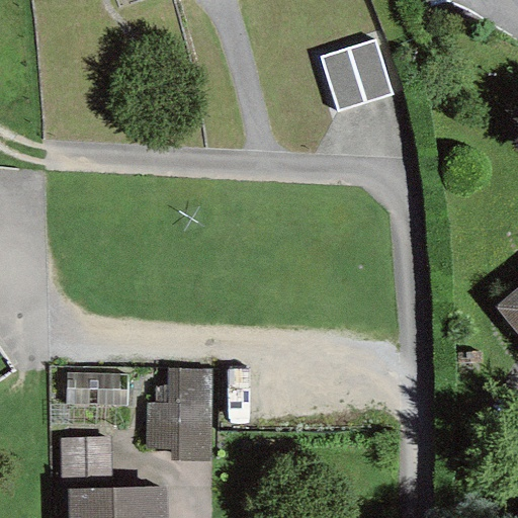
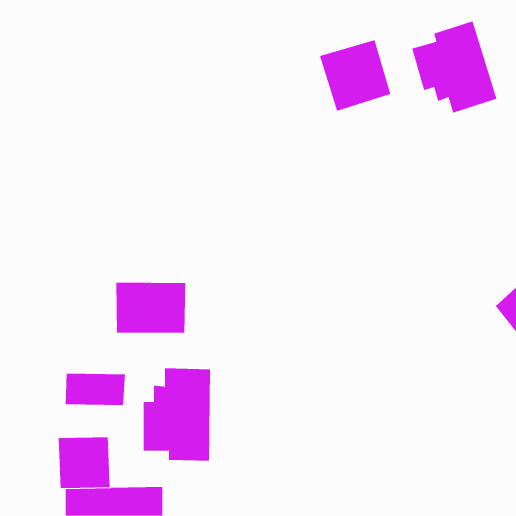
building: none -> [411,20,497,113]
building: none -> [116,282,186,334]

